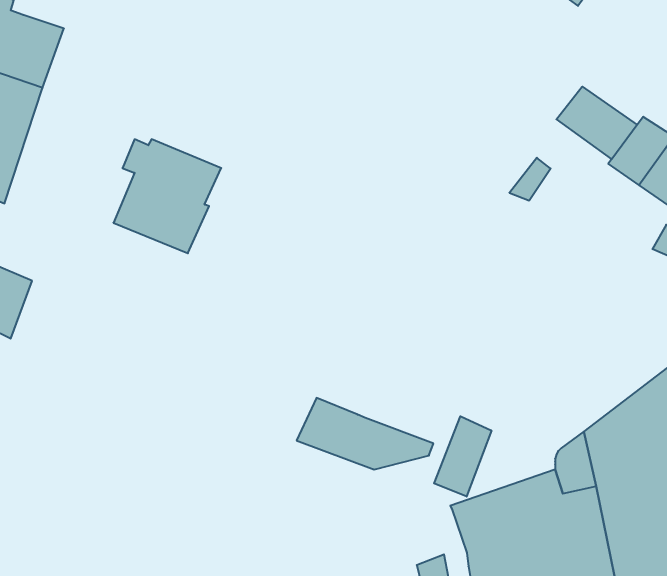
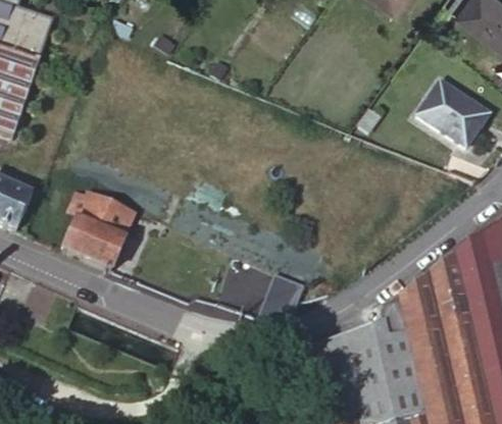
building: [556,87,637,159] -> none
building: [113,139,221,253] -> [63,192,136,268]
building: [434,416,491,497] -> none

